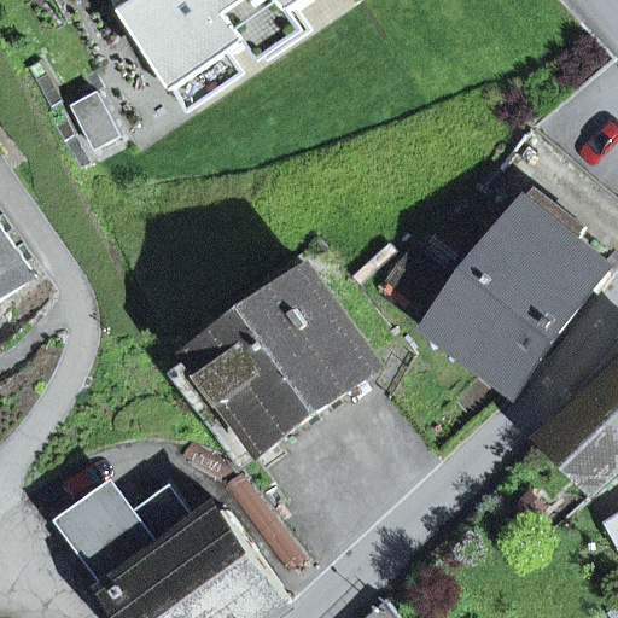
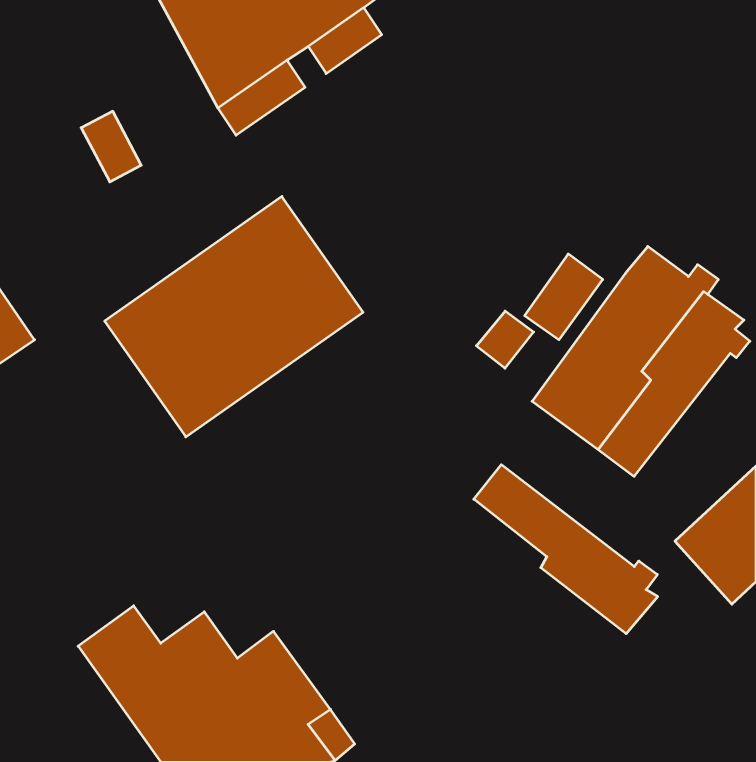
building: [167,270,374,464] -> [105,196,363,437]
building: none -> [474,465,658,634]

